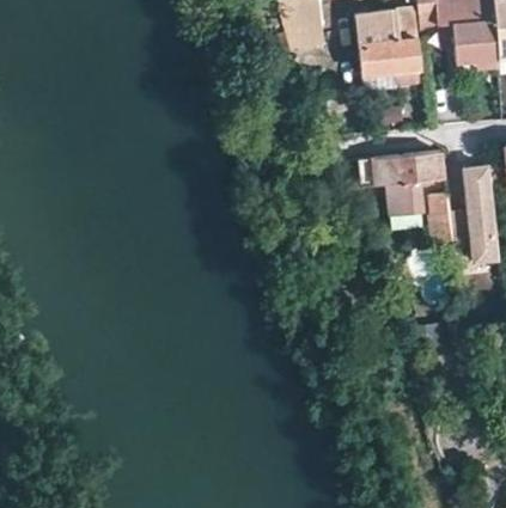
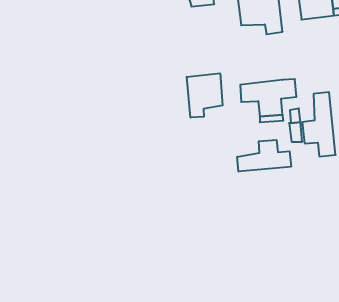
building: none -> [187,73,223,118]
building: none -> [237,140,291,172]

